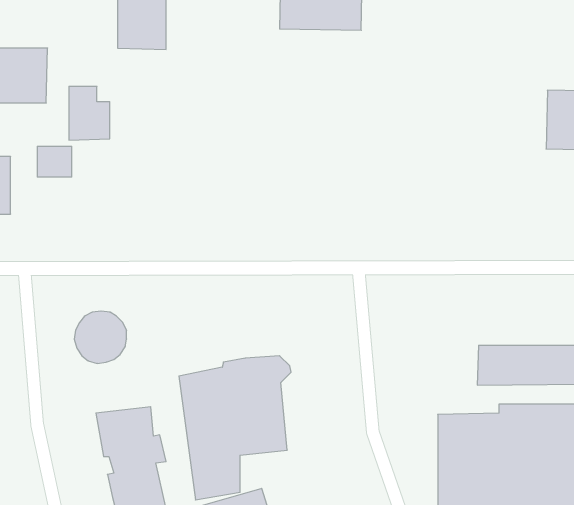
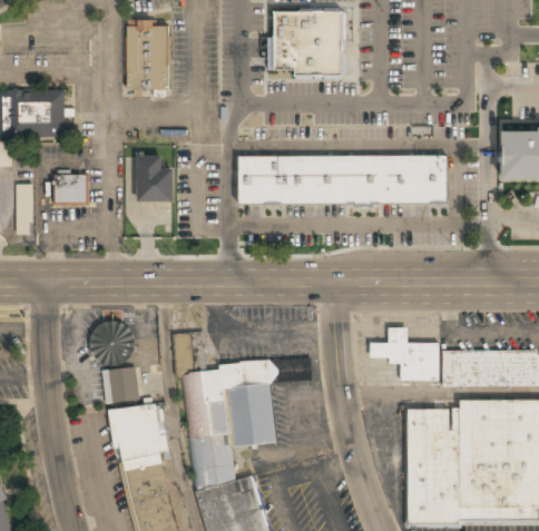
building: [69,86,110,140] -> [137,155,173,201]
building: none -> [239,157,448,205]
building: none -> [371,328,441,382]
building: none -> [101,365,139,402]

